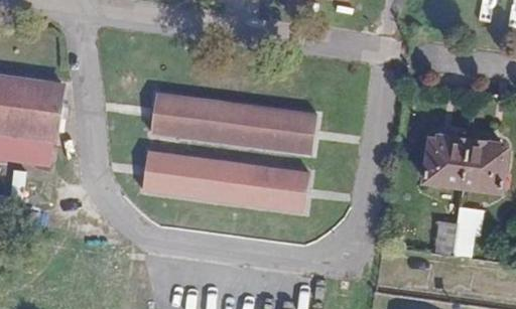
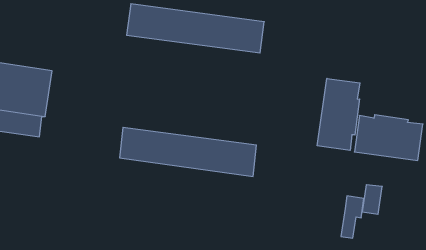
building: none -> [317,78,360,150]
building: [150,95,314,153] -> [127,4,264,53]
building: [452,208,479,259] -> [341,196,364,238]

